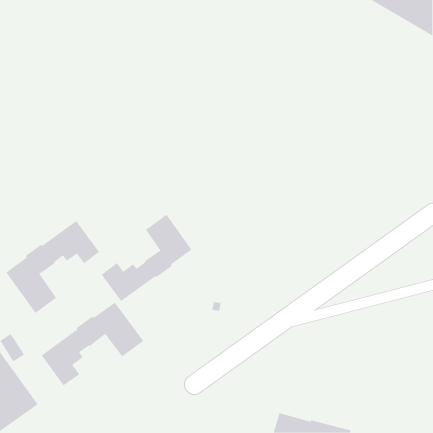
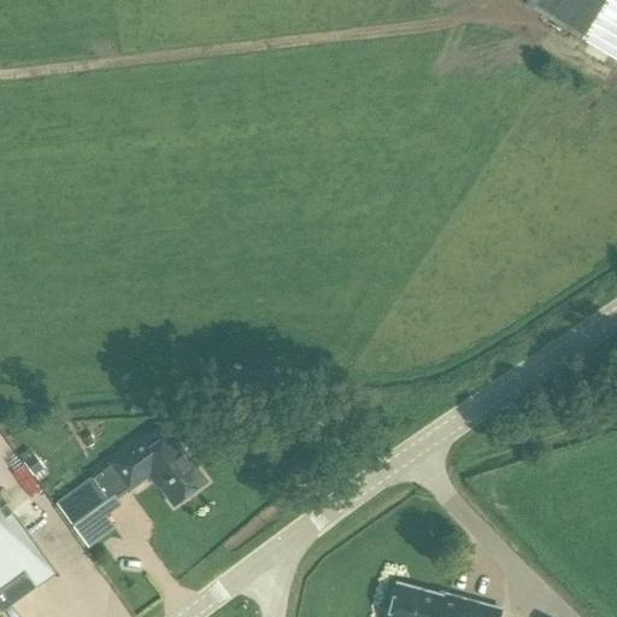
building: [101,214,192,302] -> none
building: [6,220,100,314] -> none

